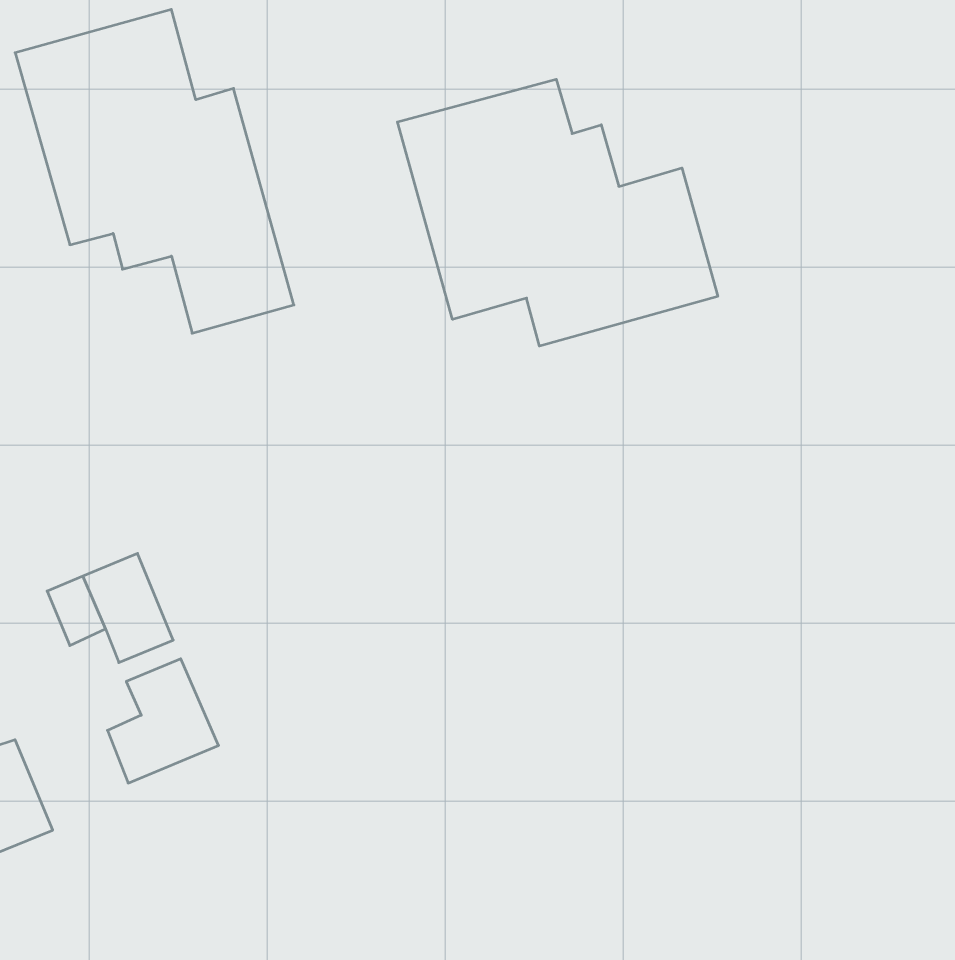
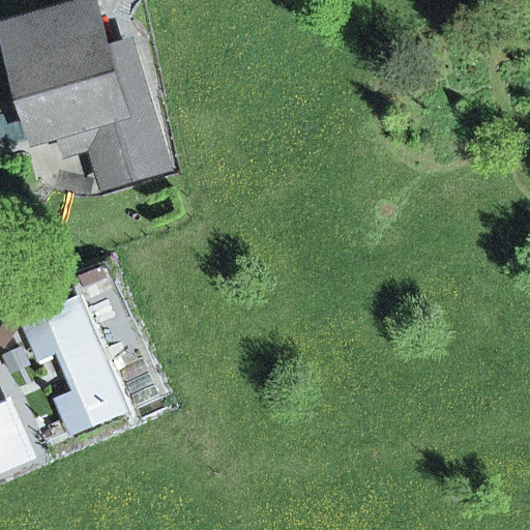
building: [397,79,718,346] -> none

